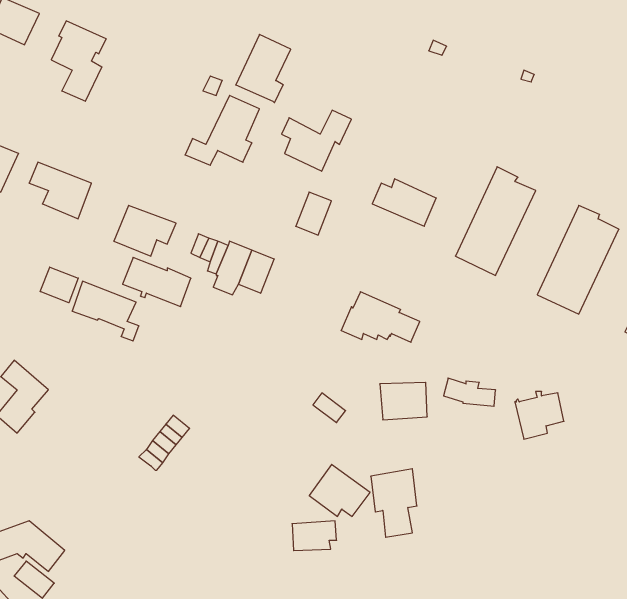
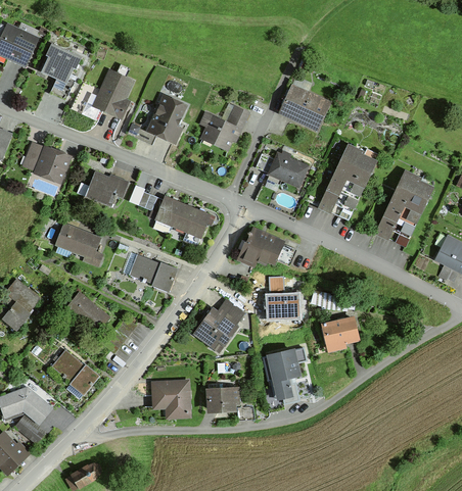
building: [236,34,291,103] -> [94,70,132,117]
building: none -> [280,86,330,130]
building: [296,192,331,235] -> [186,208,211,238]
building: [123,257,191,307] -> [130,254,177,288]
building: [40,267,78,303] -> none
building: none -> [65,292,108,332]
building: [515,392,564,439] -> [323,317,357,350]
building: none -> [52,349,99,391]
building: [309,464,370,516] -> [196,307,238,343]
building: none -> [153,382,188,415]

